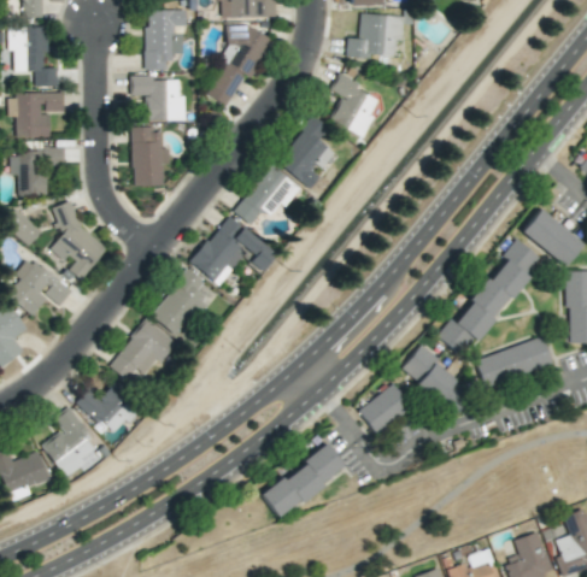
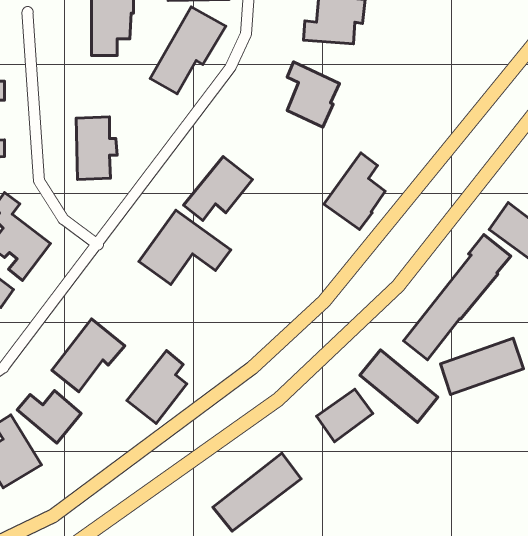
building: [130,76,184,120] -> none
building: [277,116,335,188] -> [324,153,385,230]
building: [149,269,206,337] -> [127,350,187,423]

